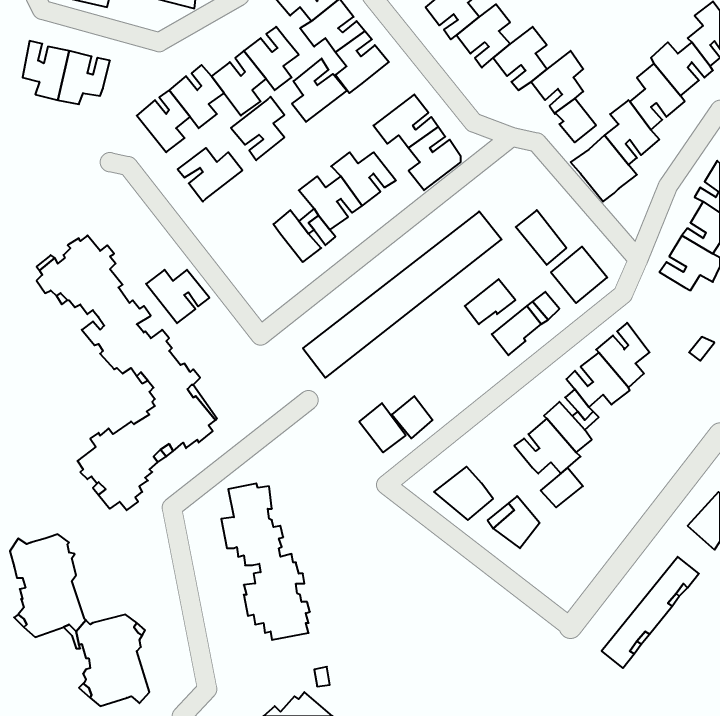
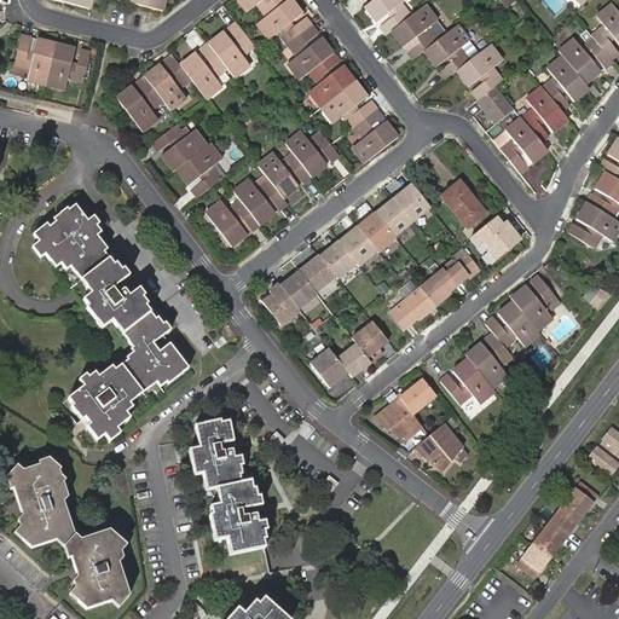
building: [292,58,347,122] -> [308,53,355,108]
building: [231,97,284,160] -> [177,144,222,198]
building: [146,270,209,323] -> [206,201,260,247]
building: [465,279,515,324] -> [393,287,436,325]
building: none -> [352,319,388,354]
building: [541,468,583,507] -> [400,381,436,415]

